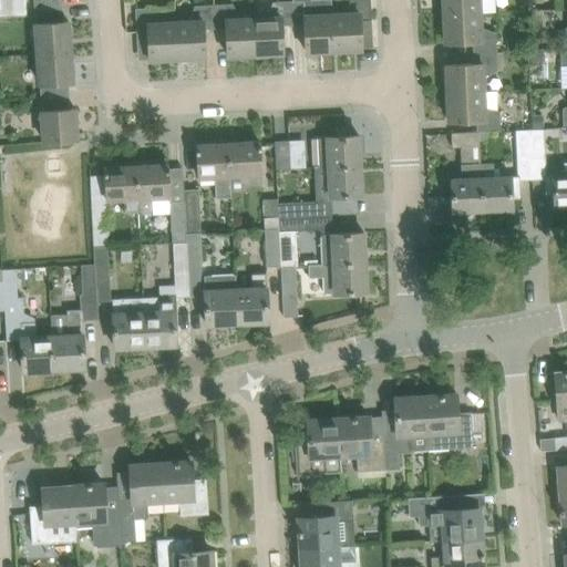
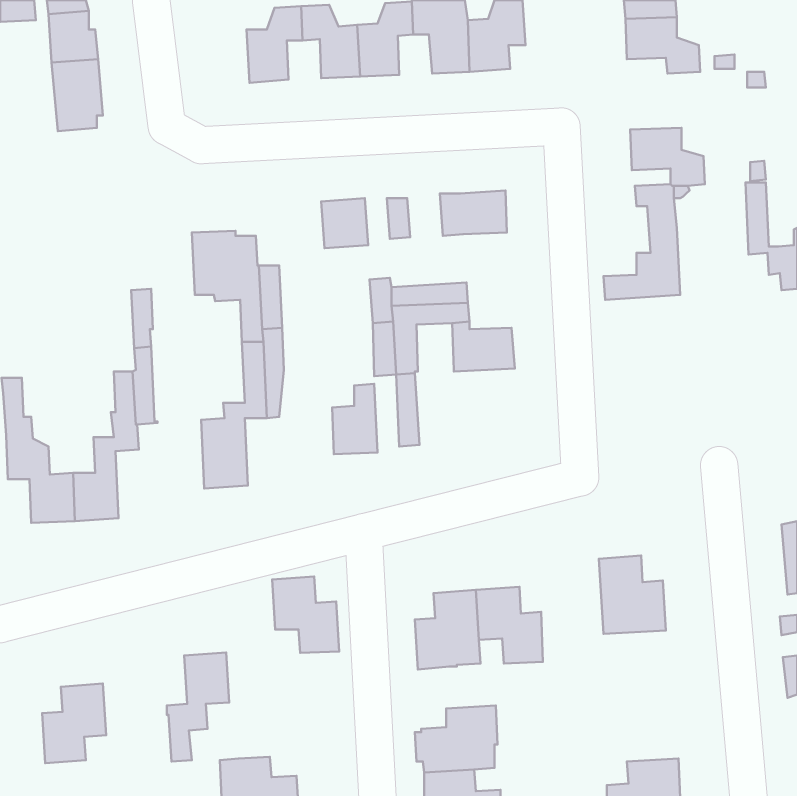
building: [135,9,177,61] -> none
building: [446,52,504,93] -> none
building: [41,92,78,143] -> none
building: [481,131,532,210] -> none
building: [197,144,231,199] -> none
building: [105,166,138,212] -> none
building: [329,166,361,197] -> none
building: [308,262,367,295] -> none
building: [204,276,237,326] -> none
building: [112,299,145,349] -> none
building: [384,398,429,471] -> none
building: [161,462,208,516] -> [272,576,339,653]
building: [73,484,122,547] -> none
building: [409,496,482,542] -> none

